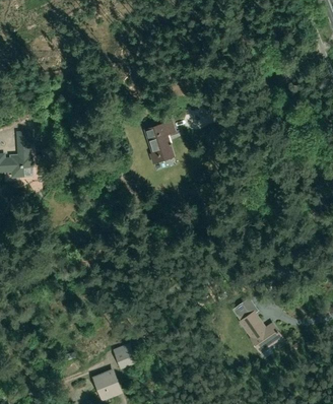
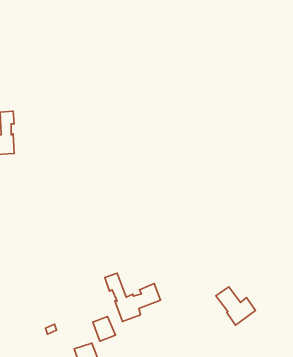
building: [145,121,175,163] -> none
building: none -> [105,273,160,322]

